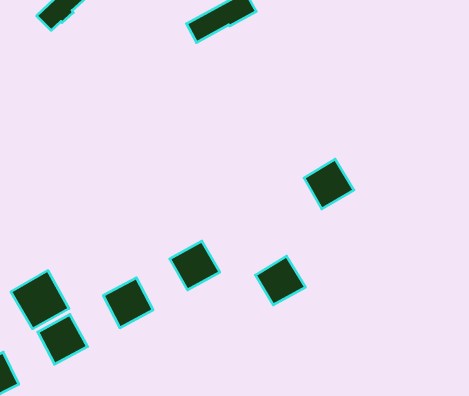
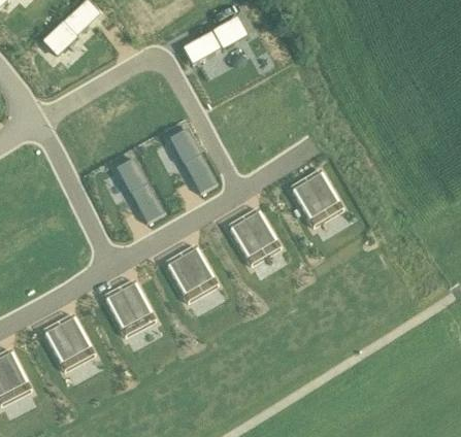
building: none -> [169,130,217,193]
building: none -> [116,159,163,222]
building: [255,256,305,305] -> [230,211,276,257]
building: [11,271,69,329] -> none

